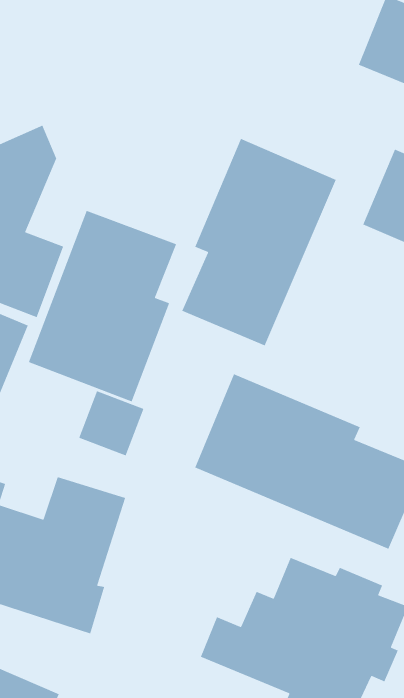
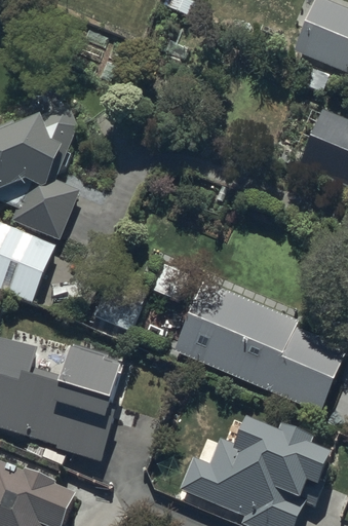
building: [181,138,337,346] -> none
building: [28,210,177,402] -> none

